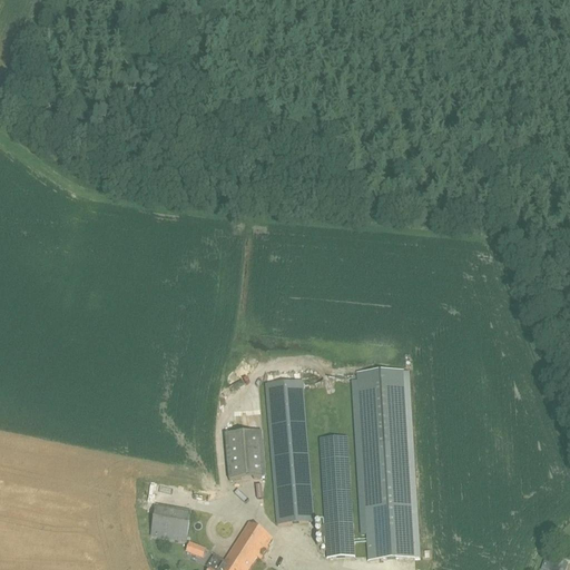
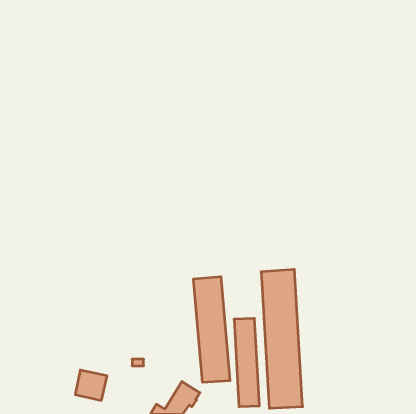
building: [225,429,266,478] -> none
building: [149,502,193,543] -> [75,370,107,400]

